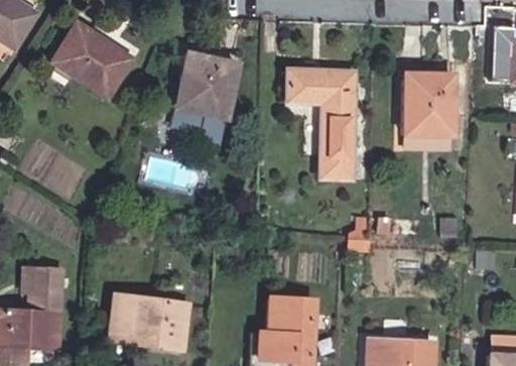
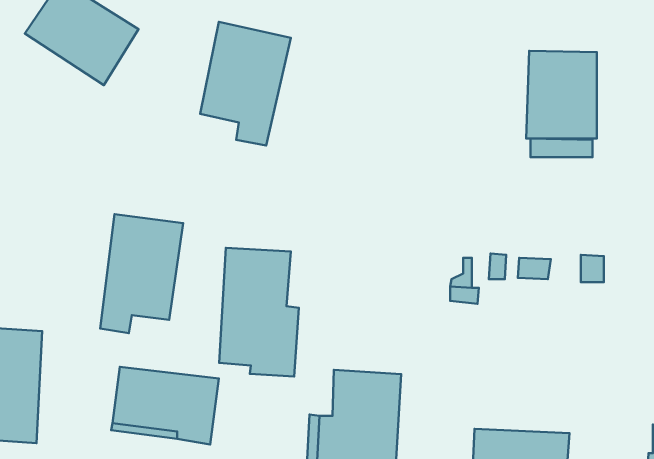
building: [287,70,354,177] -> none
building: none -> [100,214,183,333]
building: none -> [219,248,299,376]

